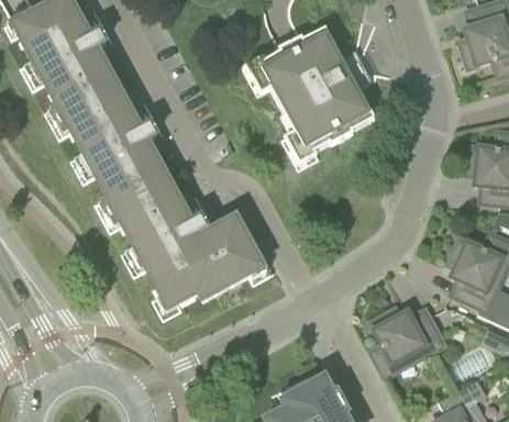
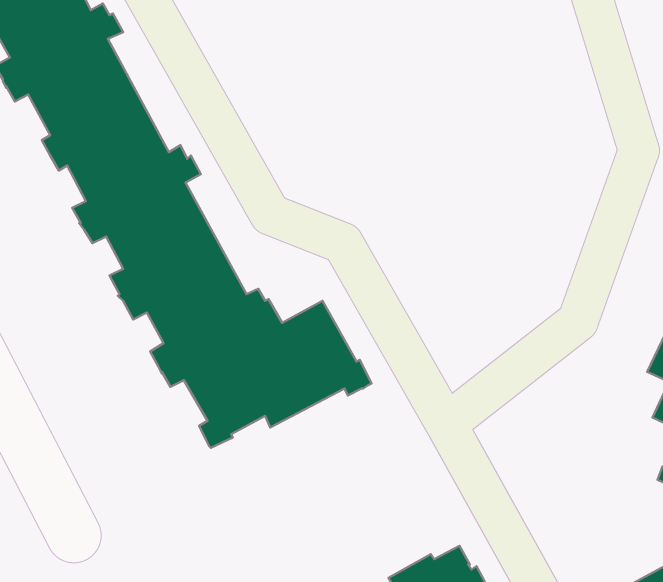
building: [247,26,376,163] -> none
building: [370,308,445,375] -> none

